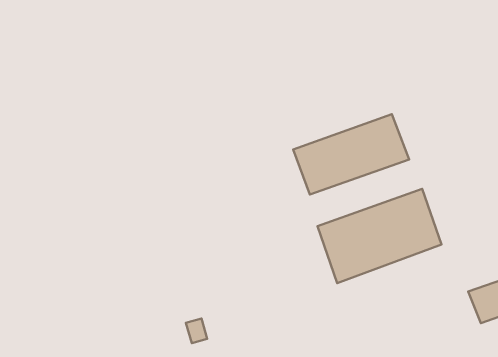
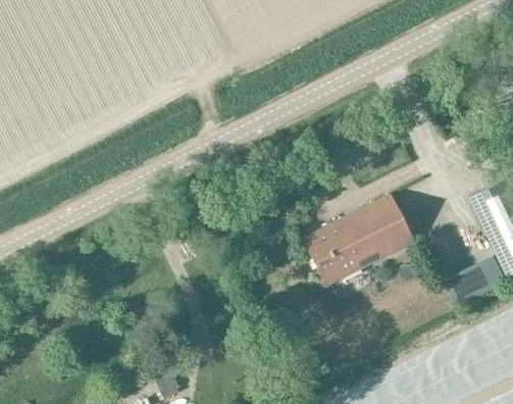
building: [293,114,409,194] -> none

